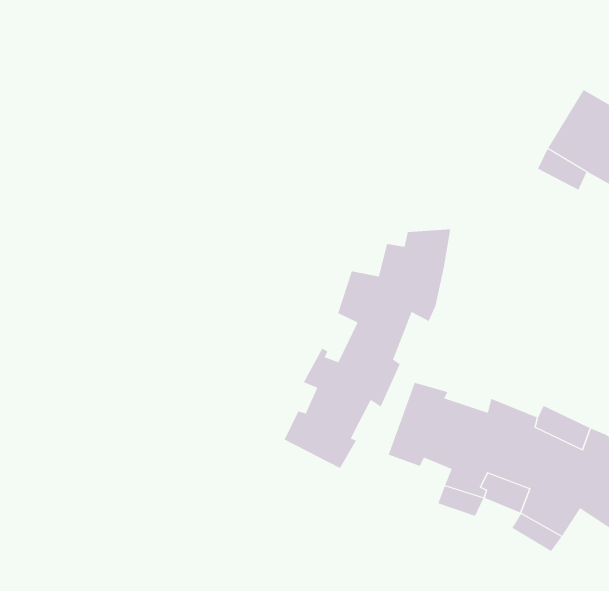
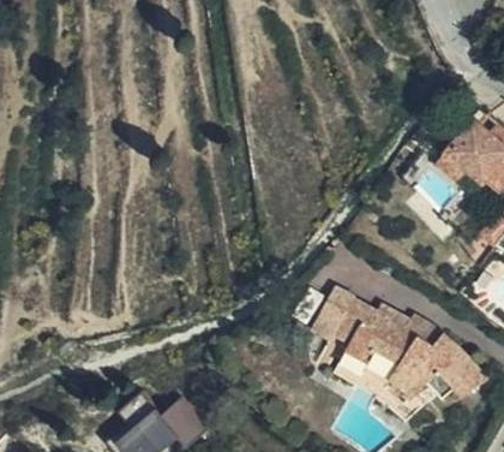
building: [284,228,451,469] -> none

